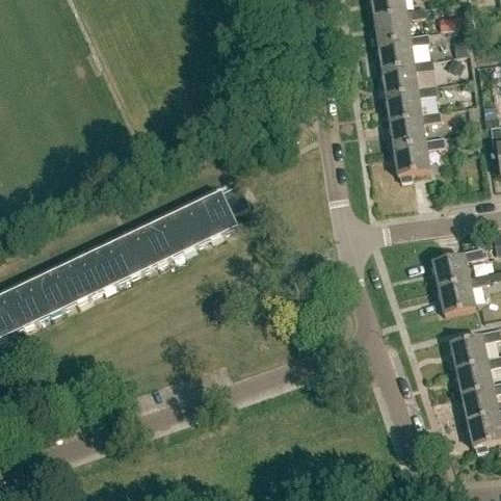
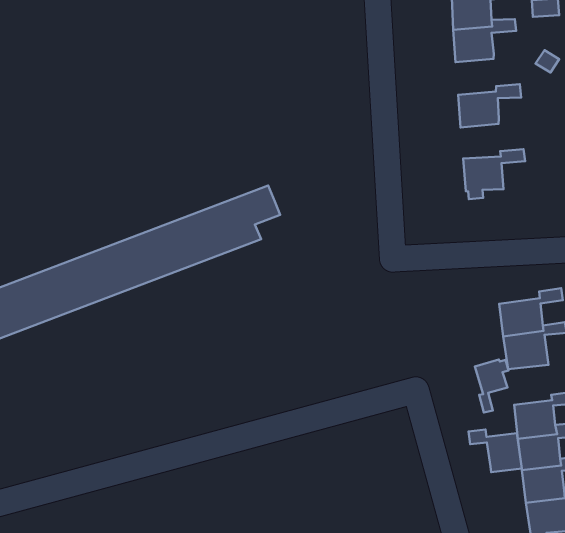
building: [381,56,432,95] -> none
building: [390,108,441,146] -> none
building: none -> [475,360,508,412]
building: none -> [469,430,522,472]

